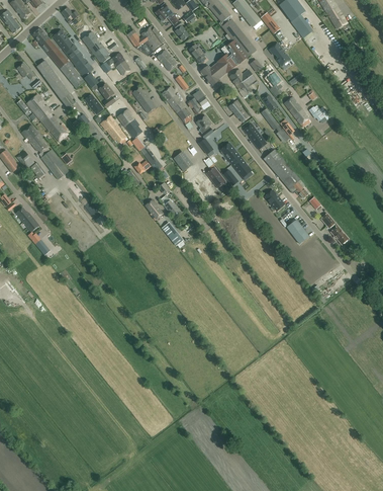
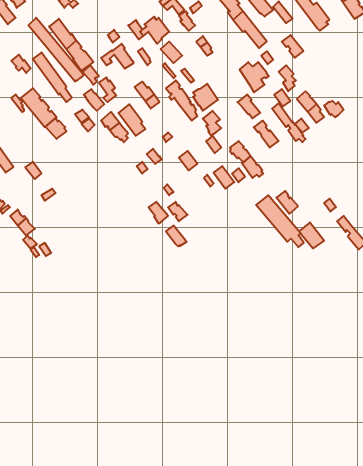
building: [82,31,110,64] -> none
building: [200,39,249,85] -> none
building: [22,125,69,179] -> none
building: [264,149,308,197] -> [256,195,304,247]

